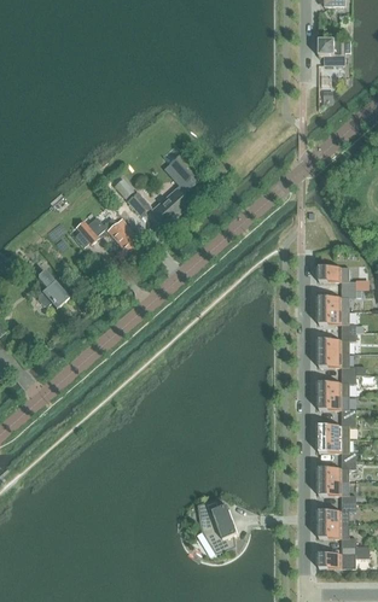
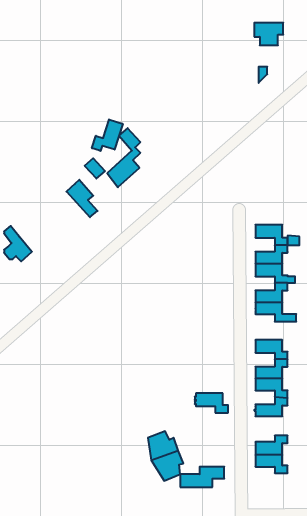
building: none -> [92,119,123,151]
building: [72,216,116,246] -> none
building: [319,375,355,396] -> none
building: [318,481,355,503] -> [195,393,228,413]
building: [319,545,368,568] -> [180,467,224,487]

